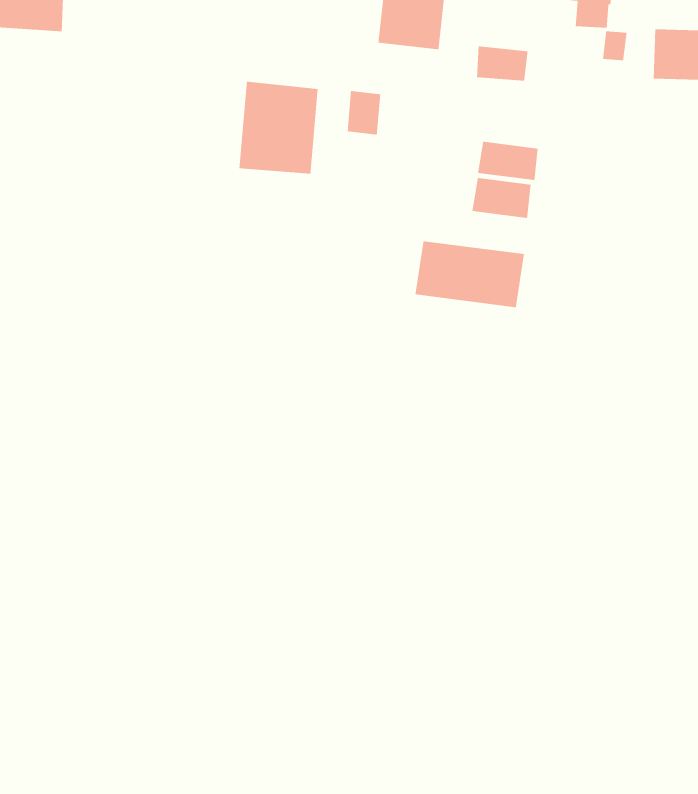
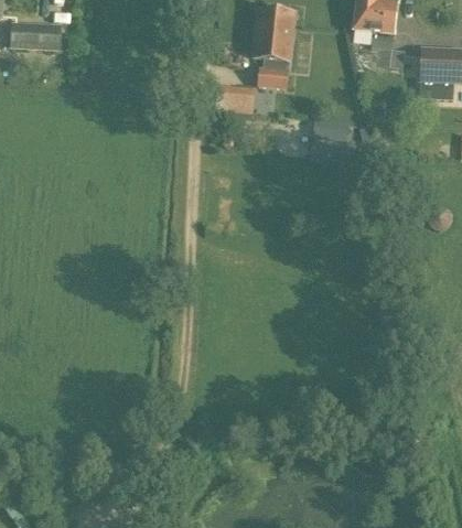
building: [476,45,529,82] -> [257,66,289,88]
building: [239,81,319,175] -> none
building: [414,240,525,308] -> none

